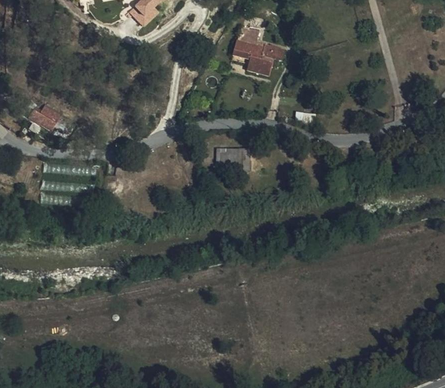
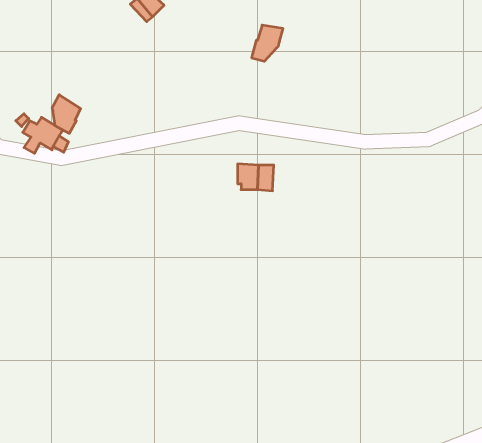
building: [243,46,284,78] -> none
building: none -> [52,95,81,133]

